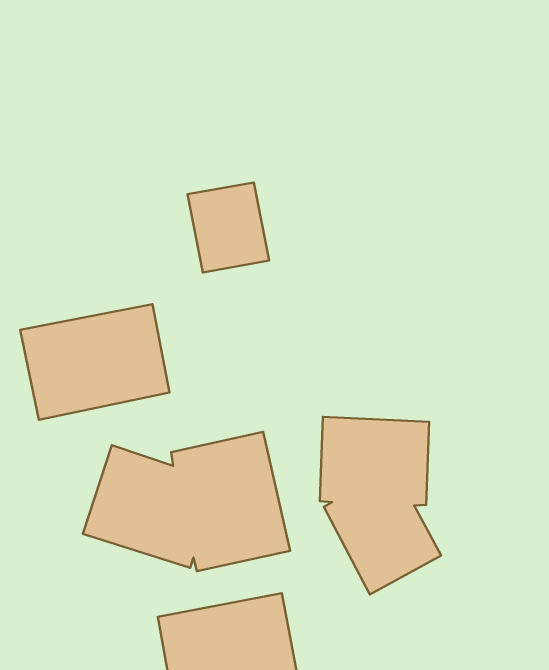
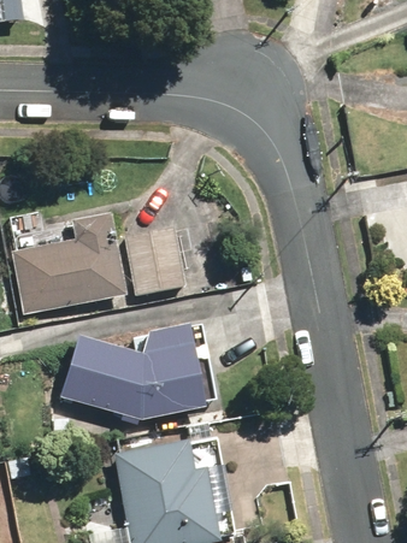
building: [188,182,269,272] -> [128,228,185,291]
building: [320,417,441,594] -> none

